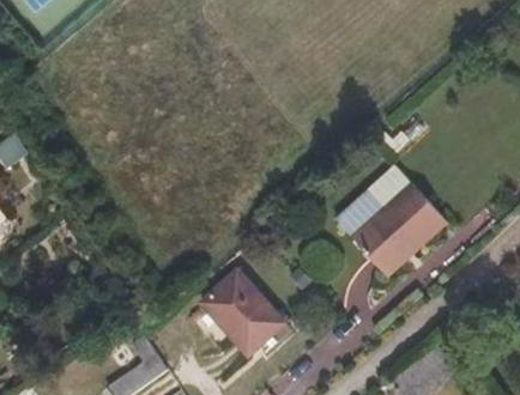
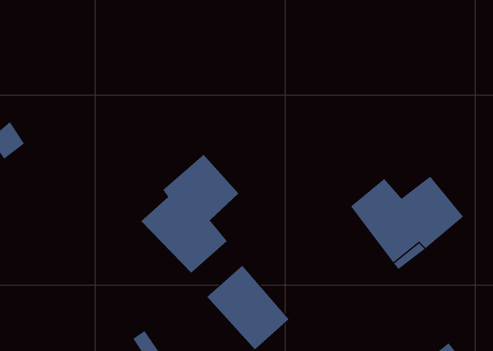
building: none -> [141,154,239,274]

